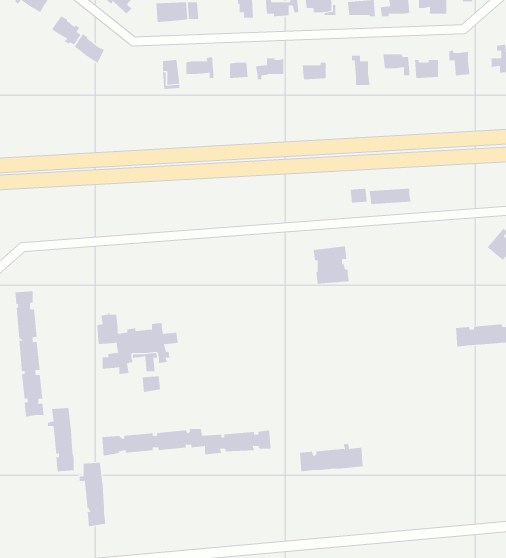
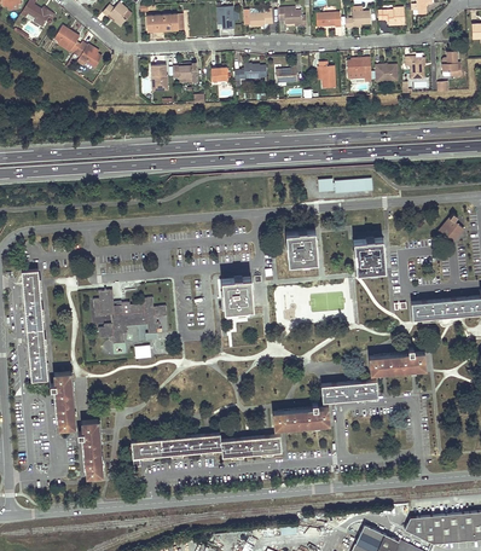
building: none -> [353,238,386,272]
building: none -> [220,277,254,317]
building: none -> [369,349,425,373]
building: none -> [321,381,377,401]
building: [102,429,271,456] -> [132,434,282,458]

